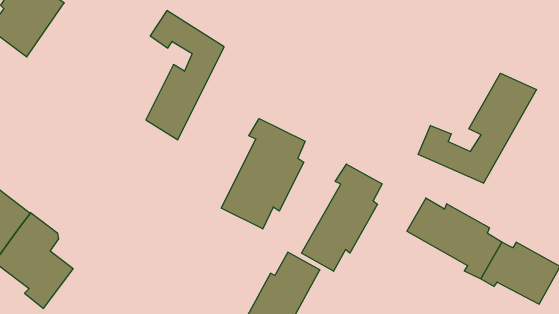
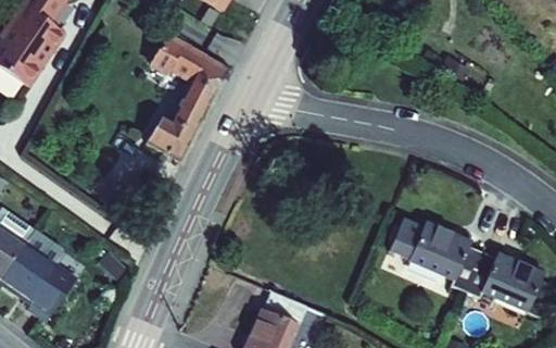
building: [418,73,537,183] -> none
building: [221,119,305,229] -> none
building: [302,164,382,271] -> none

